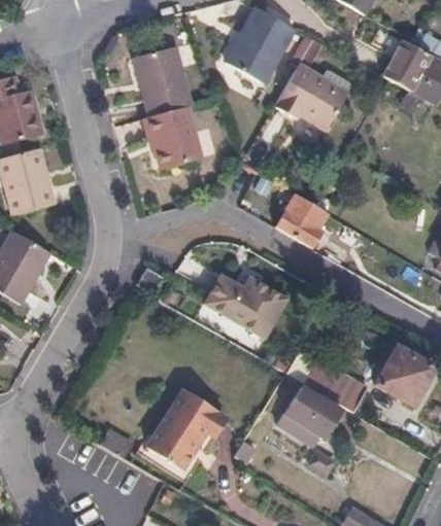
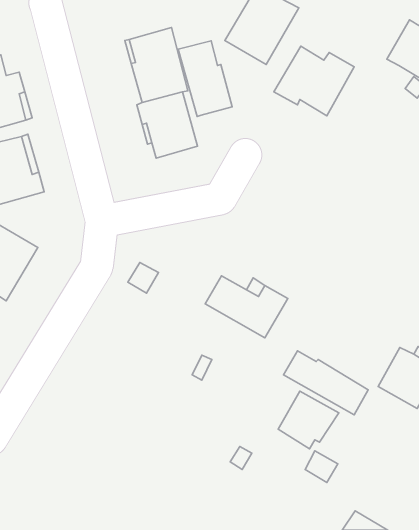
building: none -> [178,41,232,117]
building: [274,195,326,248] -> none
building: [146,392,223,466] -> none

